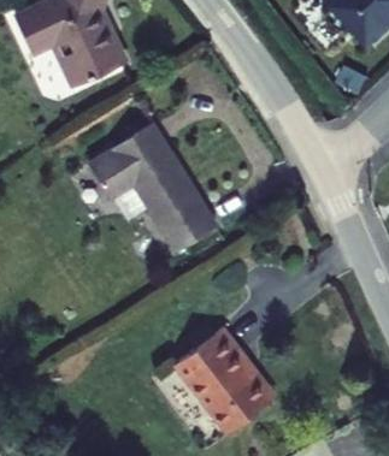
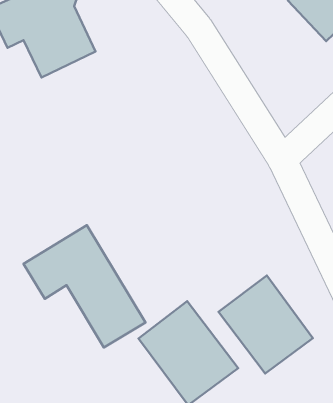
building: [87,122,217,251] -> [23,225,146,347]
building: none -> [219,276,313,373]

